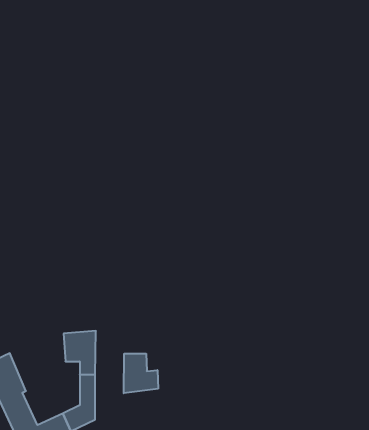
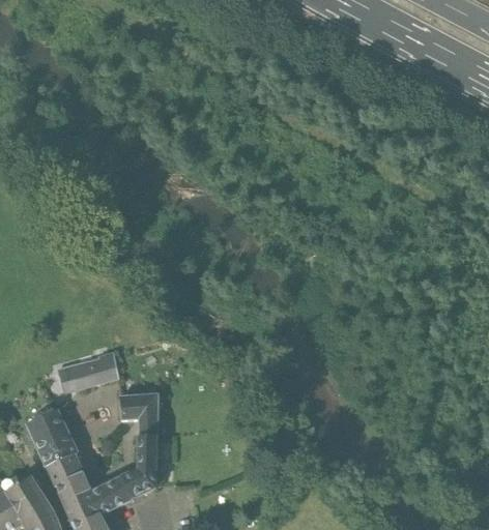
building: none -> [57,355,119,391]
building: [124,354,158,393] -> none

